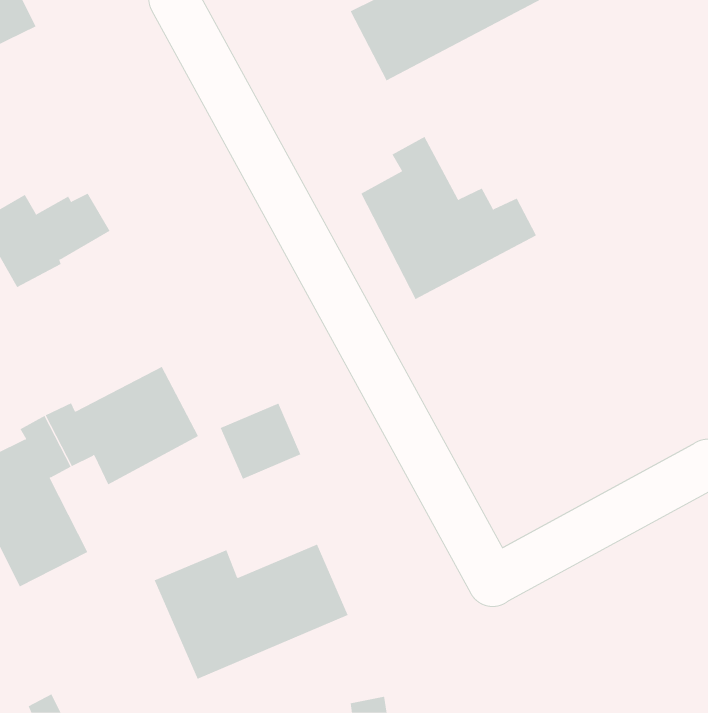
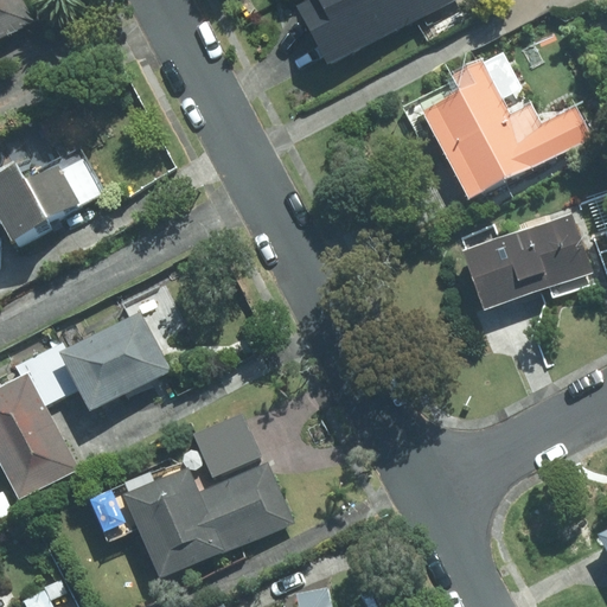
building: [361,136,537,300] -> [424,60,574,199]
building: none -> [462,213,588,309]
building: [220,403,301,480] -> [189,413,257,478]

